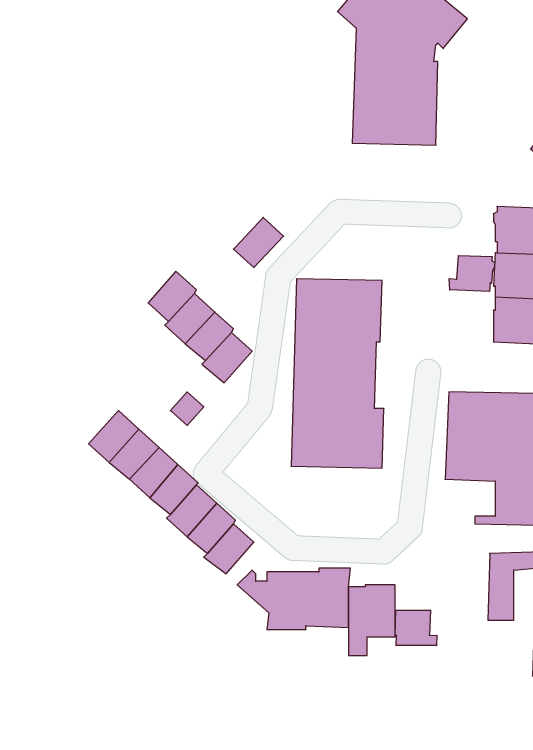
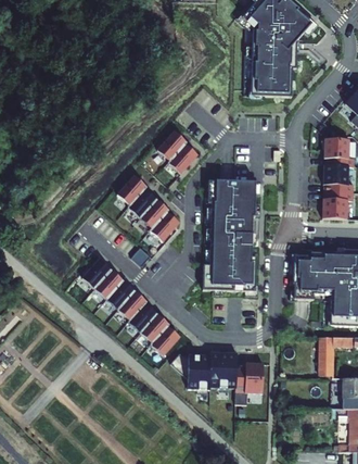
building: none -> [159,131,189,162]
building: [449,256,495,291] -> none
building: [395,610,437,646] -> none

